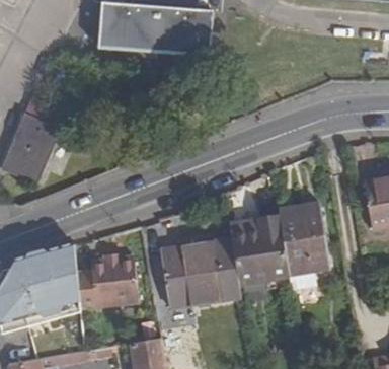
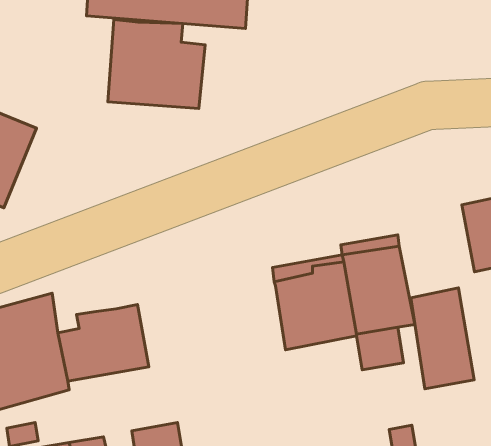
building: none -> [108,20,205,109]
building: [160,239,241,307] -> none
building: none -> [411,288,474,389]

